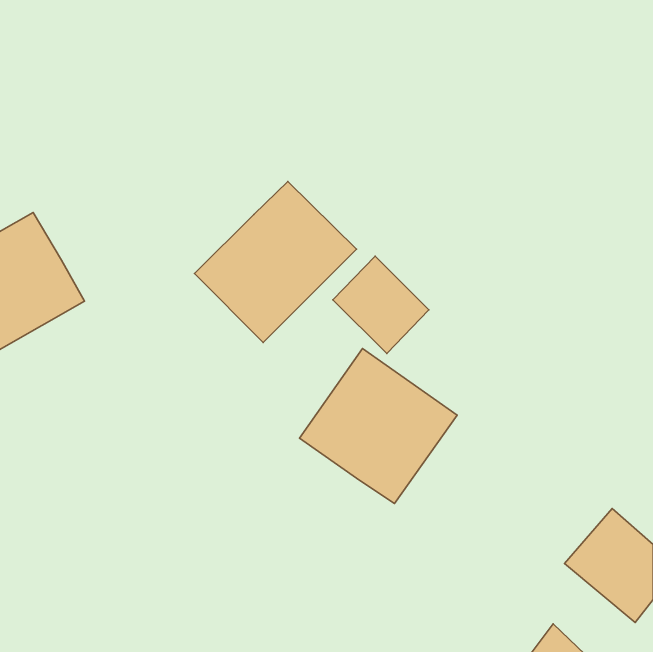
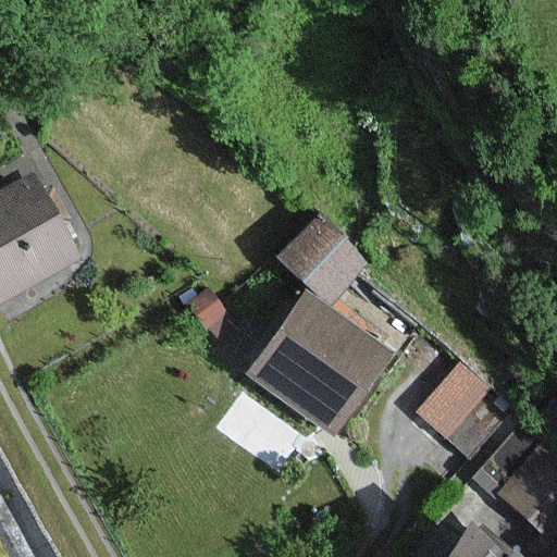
building: [195,182,356,342] -> none
building: none -> [416,354,517,451]

